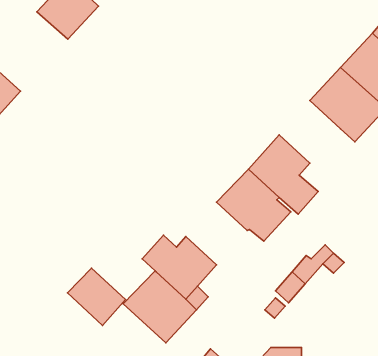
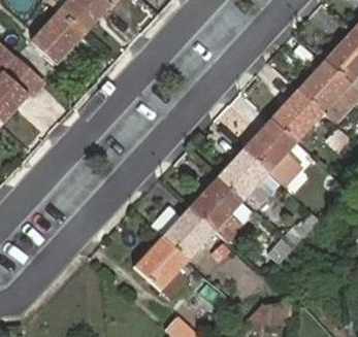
building: none -> [31,11,85,65]
building: none -> [269,89,323,143]
building: none -> [188,177,242,243]
building: [67,268,126,325] -> none

